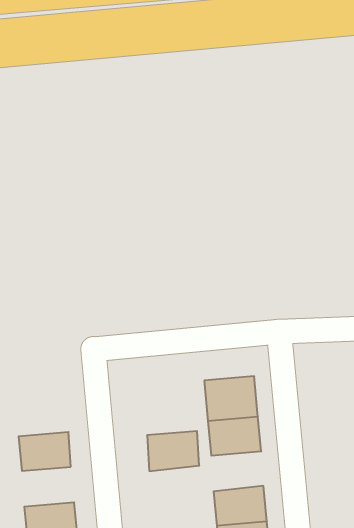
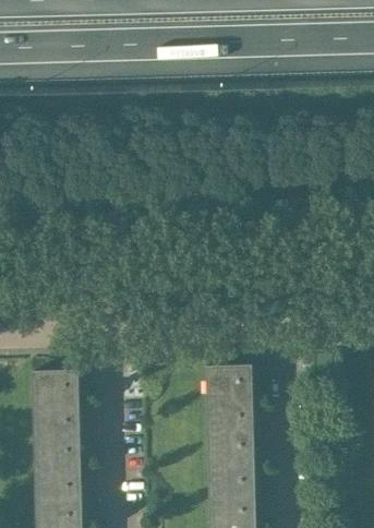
building: none -> [33,369,80,406]
building: [147,431,199,471] -> [208,433,254,467]
building: none -> [35,436,81,470]

